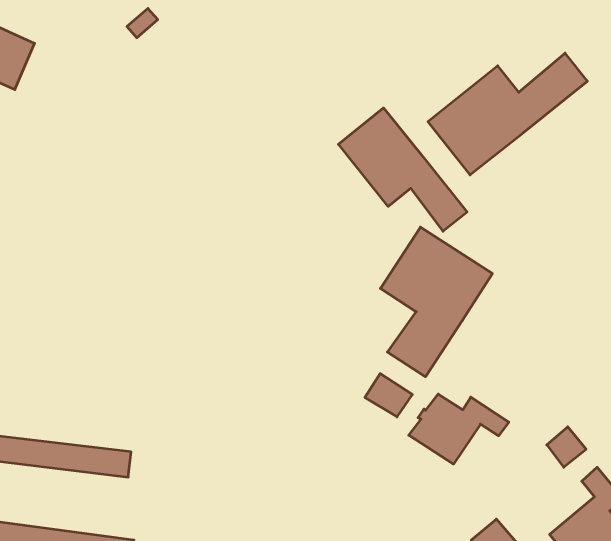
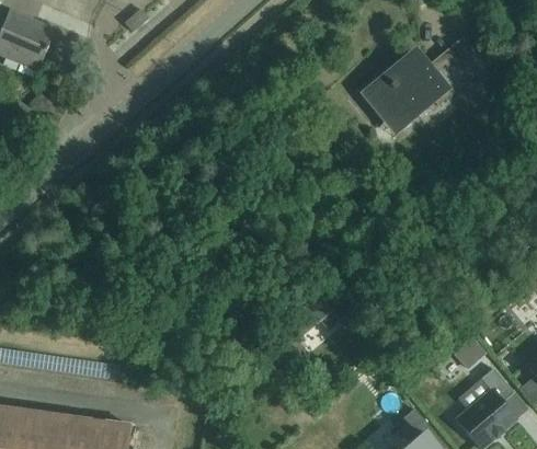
building: [338,108,467,231] -> none
building: [380,227,492,377] -> none
building: [409,394,509,464] -> none

